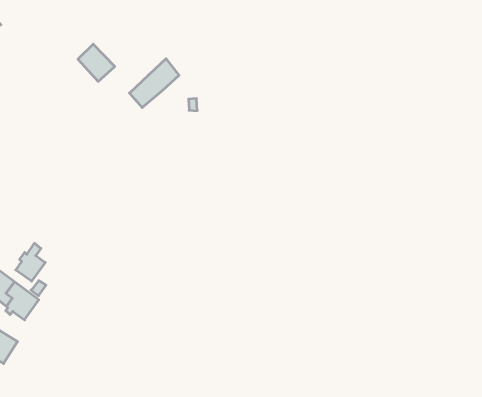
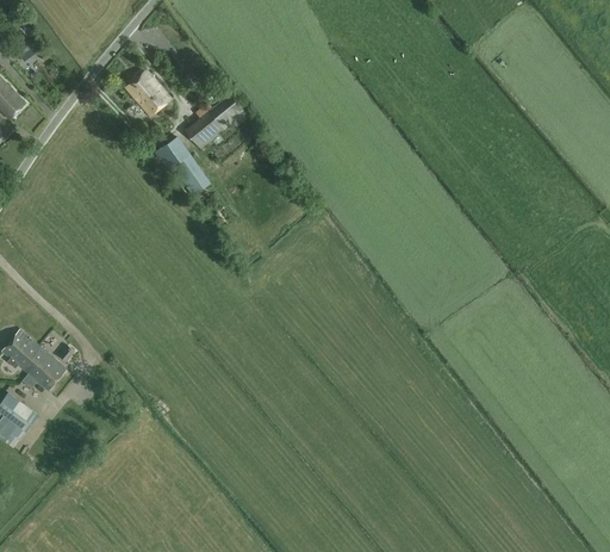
building: none -> [151,135,211,196]
building: [16,243,45,281] -> none

